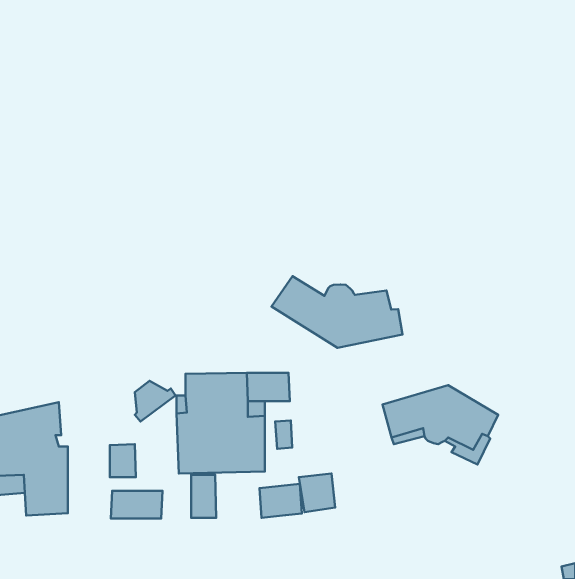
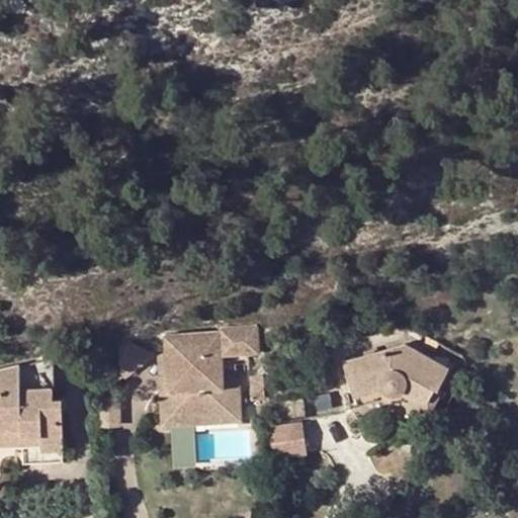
building: [272,276,402,348] -> none
building: [260,484,302,518] -> none
building: [111,491,163,518] -> none

